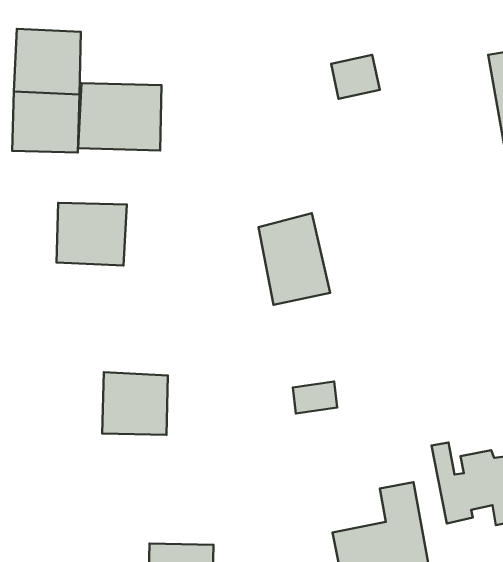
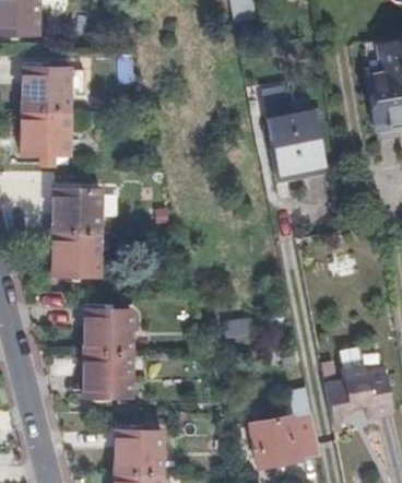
building: [78,83,162,150] -> none
building: [258,213,330,305] -> [268,107,319,173]
building: none -> [51,229,100,275]
building: none -> [84,352,131,397]

